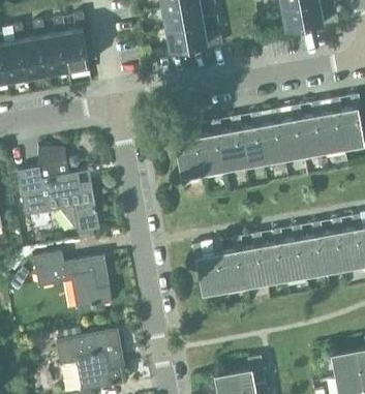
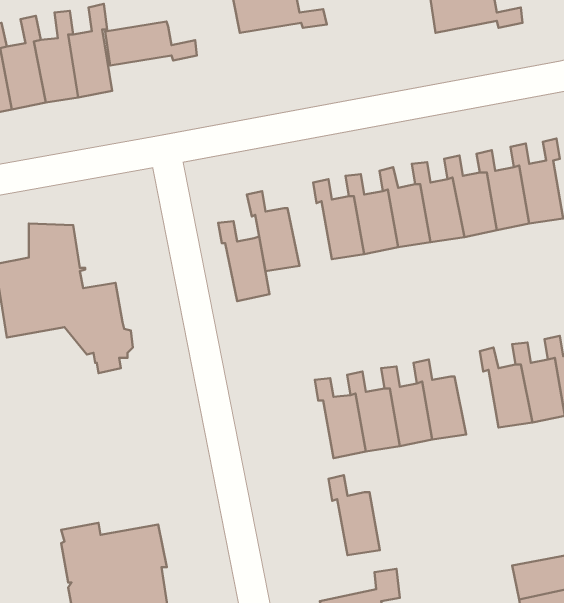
building: [166,27,222,54] -> [105,21,197,66]
building: [191,126,222,175] -> [218,221,269,301]
building: [292,229,324,277] -> none
building: [192,246,223,295] -> [329,475,380,555]
building: [33,253,112,311] -> none

